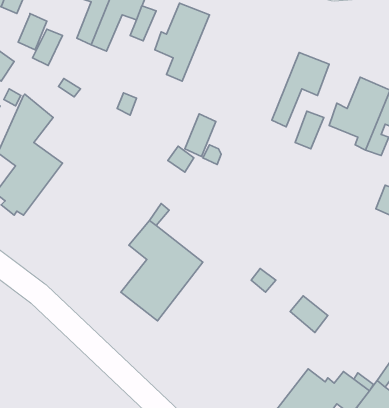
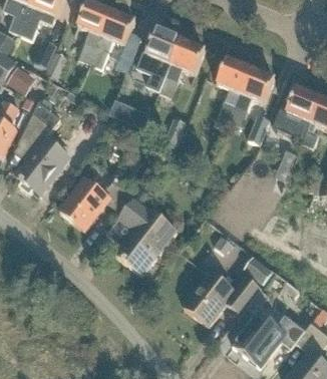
building: none -> [160,39,205,95]
building: none -> [218,58,251,120]
building: none -> [58,176,132,230]
building: none -> [183,270,259,325]

